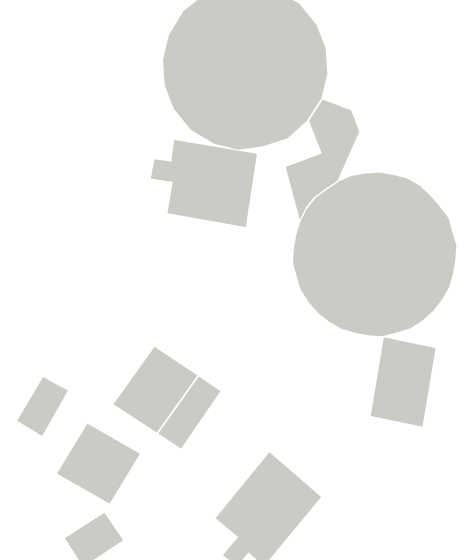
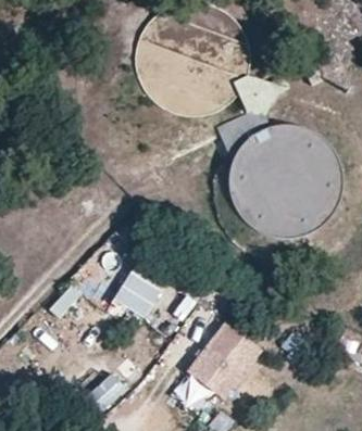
building: [150,139,257,228] -> none
building: [370,336,436,428] -> none
building: [56,423,141,505] -> none

